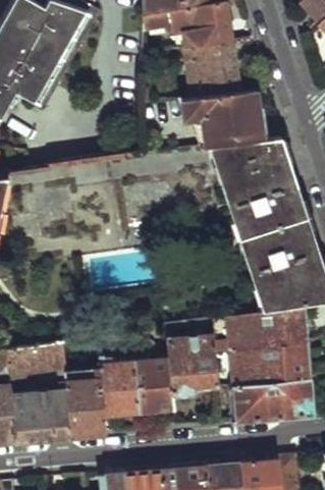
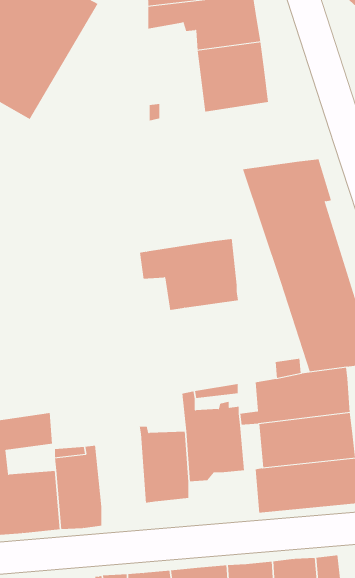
building: [180,90,261,148] -> [139,239,239,311]
building: [98,357,139,419] -> none

